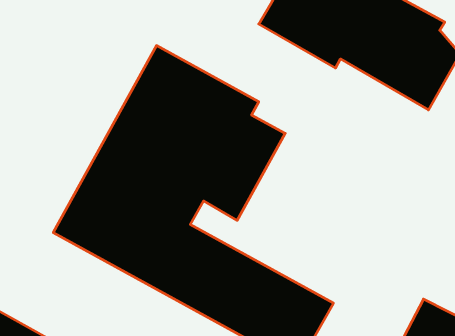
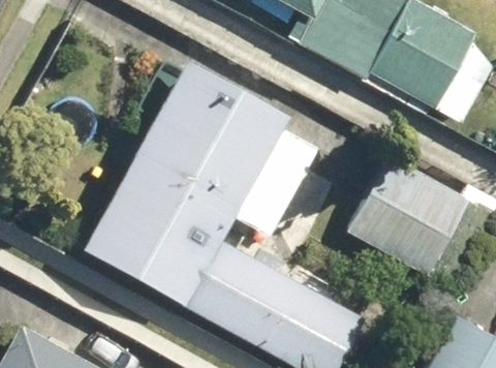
building: none -> [349,157,470,276]

